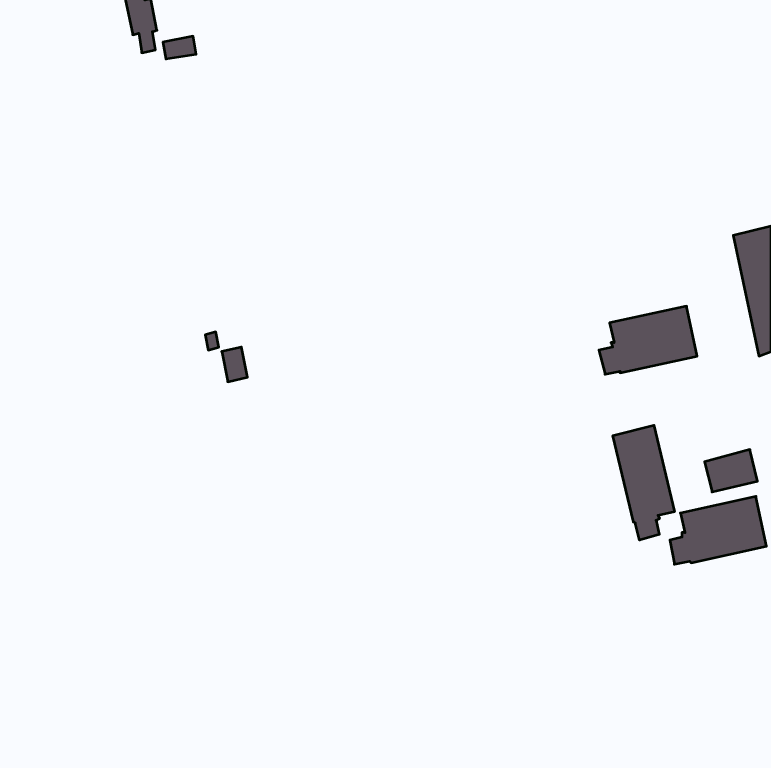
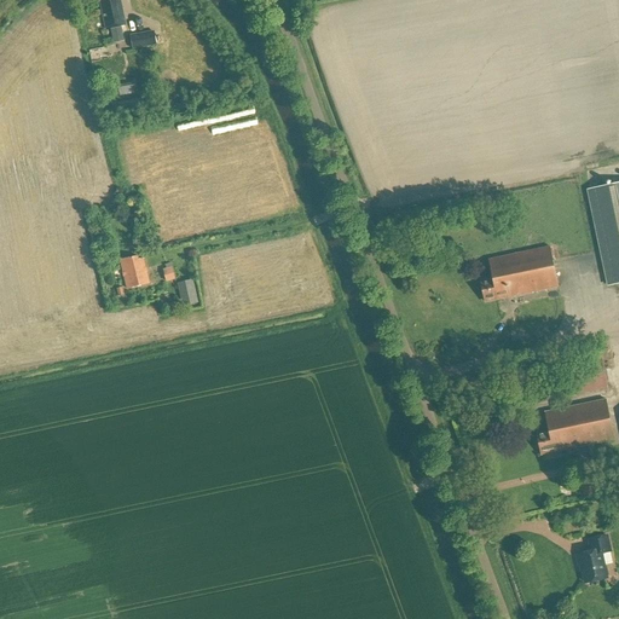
building: none -> [120,255,150,288]
building: [613,425,674,540] -> none
building: none -> [577,534,611,582]

